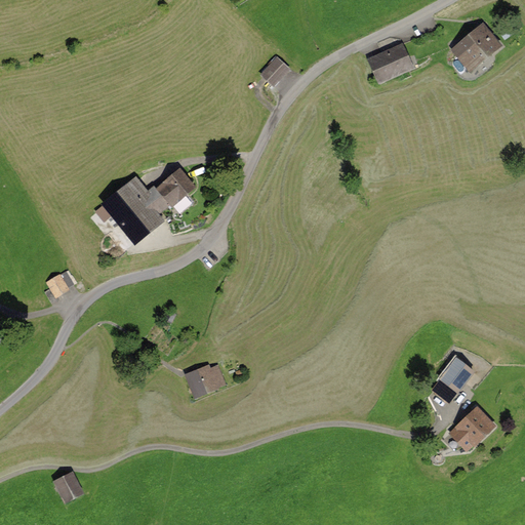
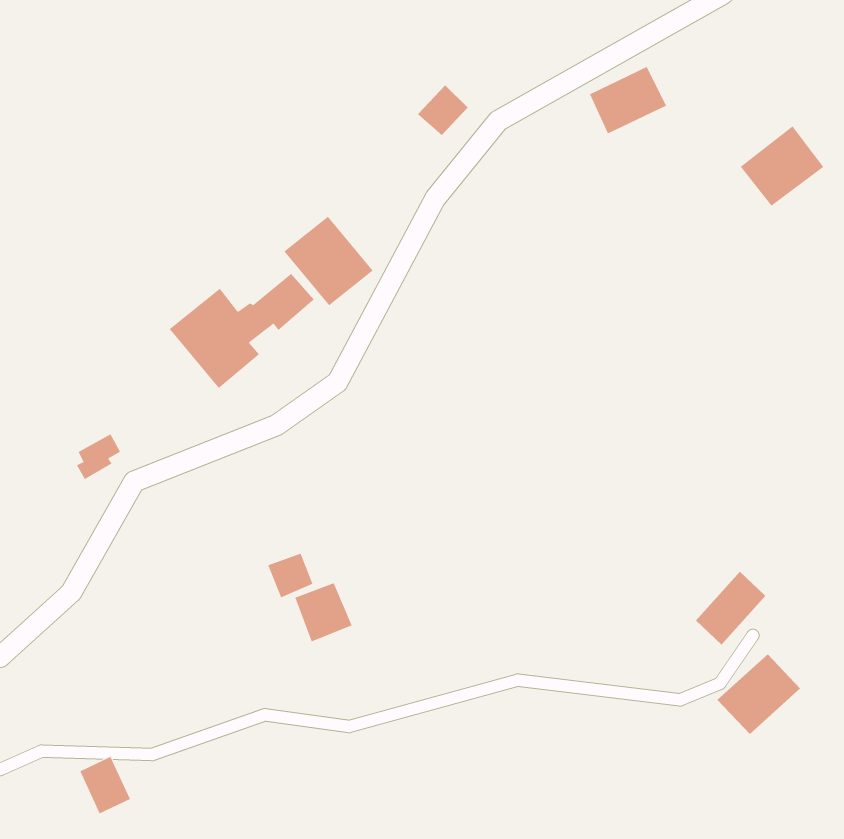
building: [450,21,502,71] -> [740,125,824,207]
building: none -> [283,216,373,306]
building: none -> [268,553,313,598]

